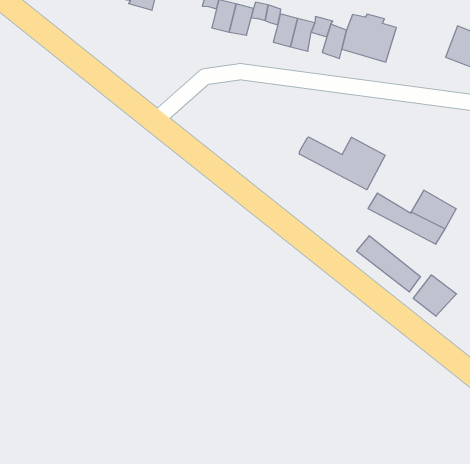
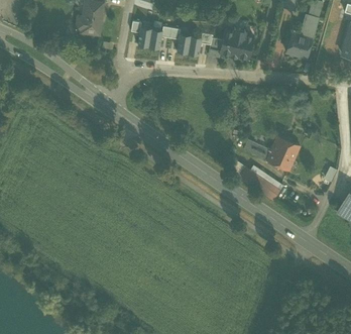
building: [299,137,385,190] -> none
building: [413,275,457,316] -> none

